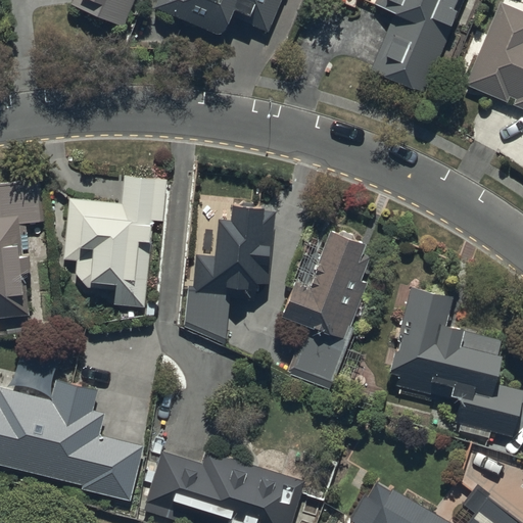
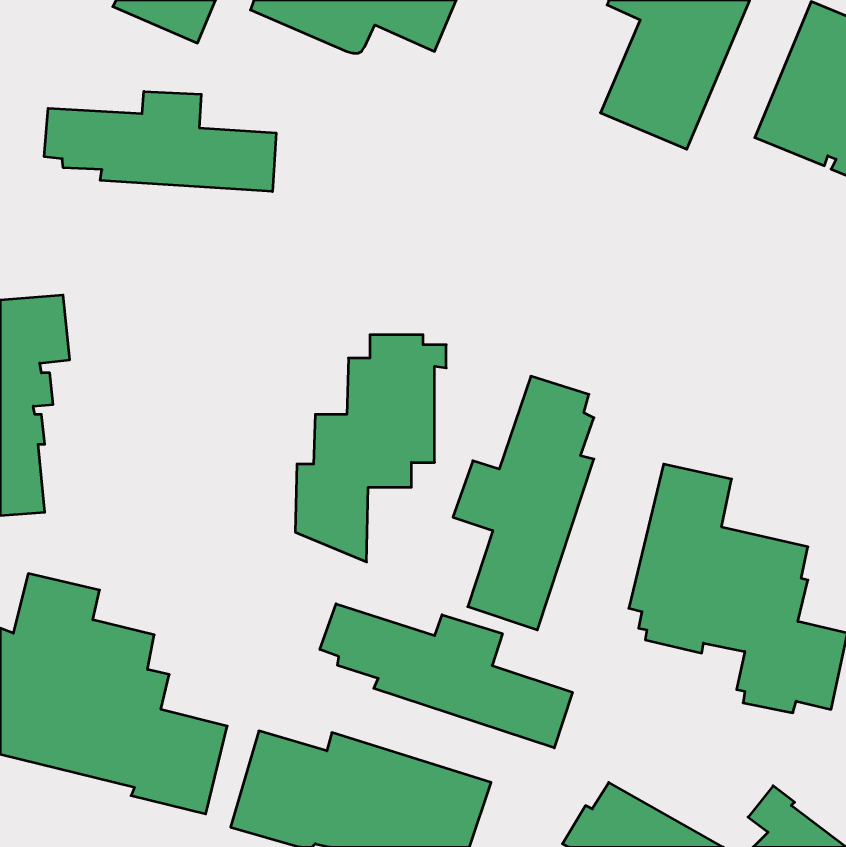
building: none -> [44,91,276,192]
building: [63,177,164,307] -> none
building: none -> [320,604,572,748]

